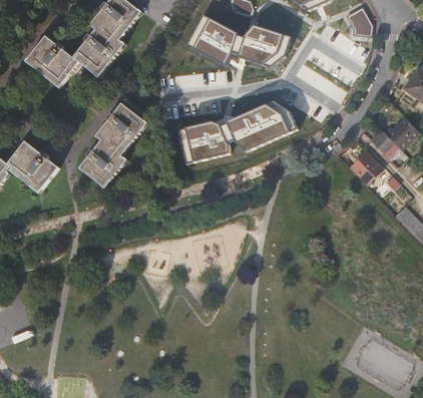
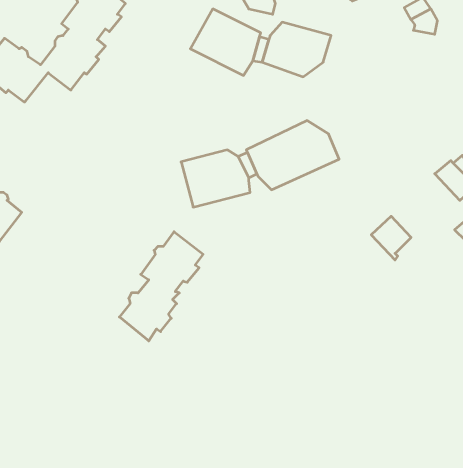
building: [80,104,143,186] -> [119,232,203,341]
building: [351,151,381,184] -> [371,216,411,260]

